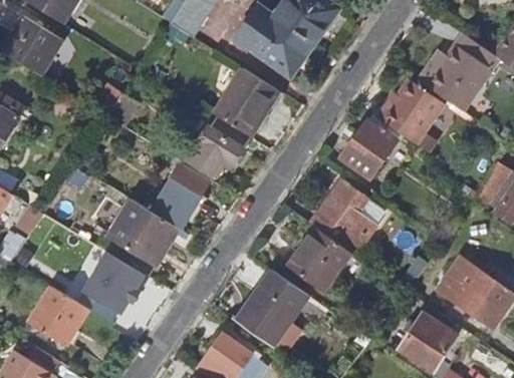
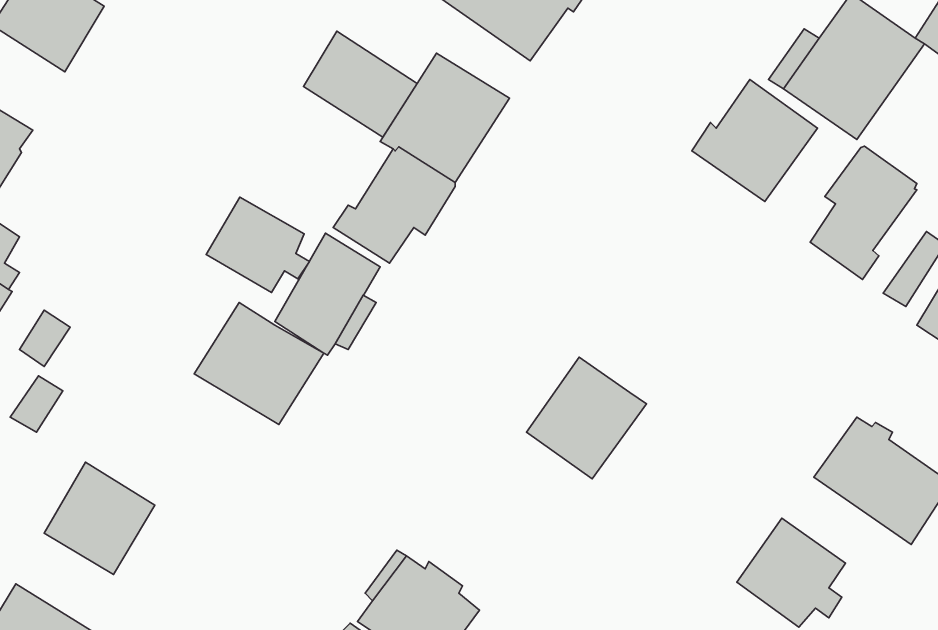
building: none -> [304,31,417,137]
building: none -> [810,146,917,280]
building: [342,124,399,181] -> none
building: none -> [206,197,309,293]
building: [308,181,364,248] -> none
building: [84,251,149,313] -> none
building: [236,272,307,346] -> none

